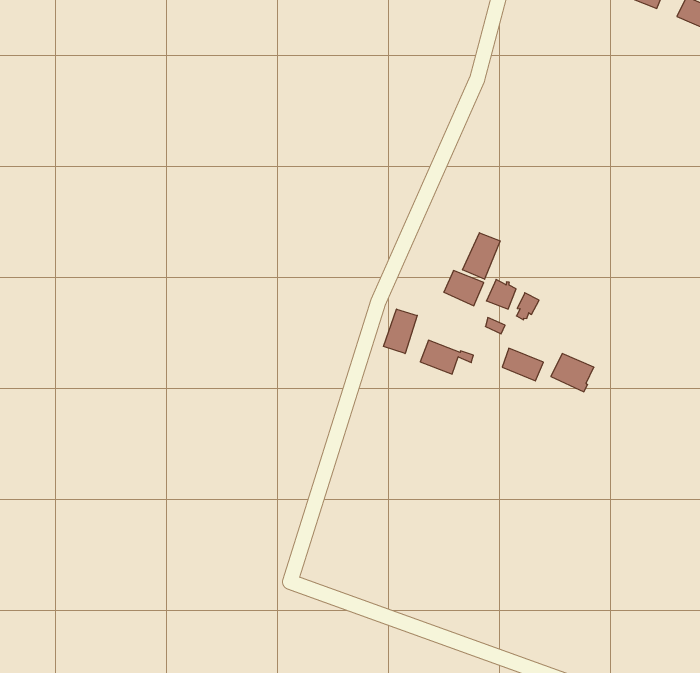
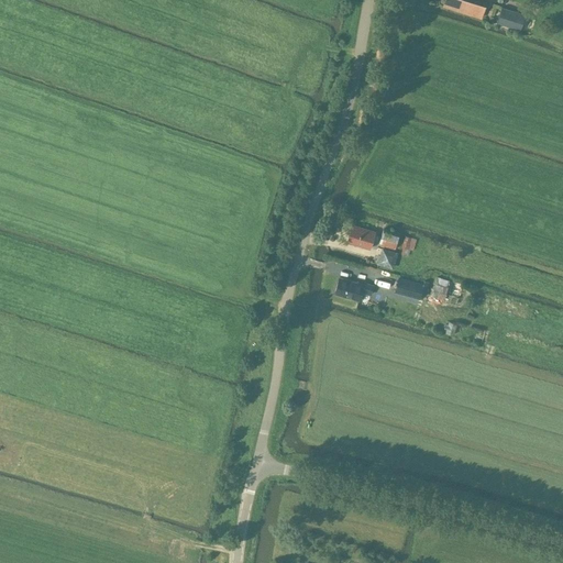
building: [463,233,500,279] -> none
building: [383,309,417,354] -> none

